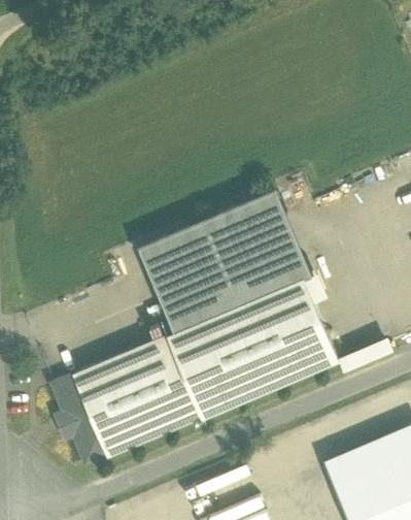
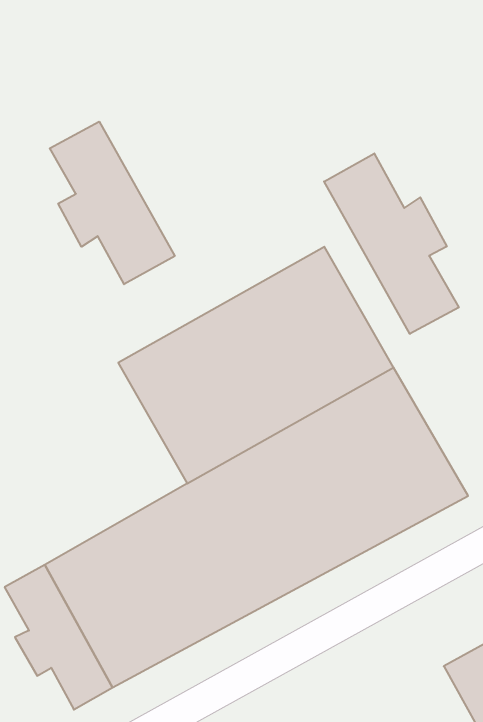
building: none -> [50,122,175,284]
building: none -> [324,153,459,334]

